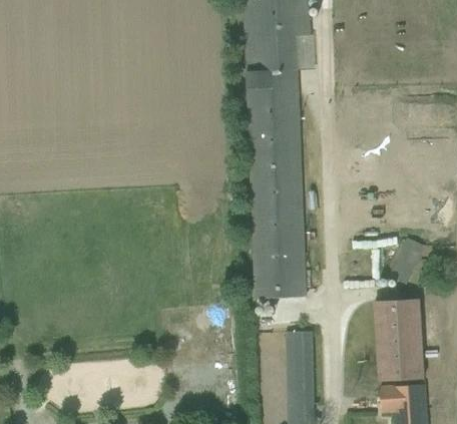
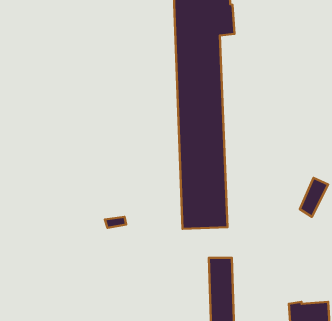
building: [374,298,423,381] -> none

